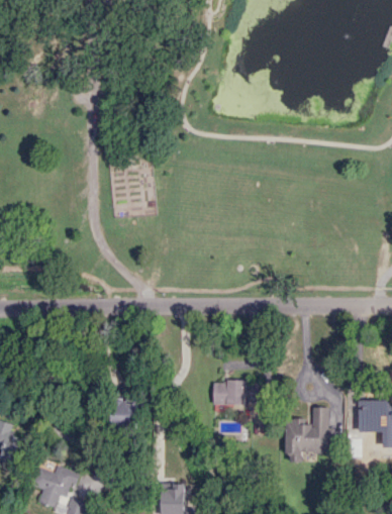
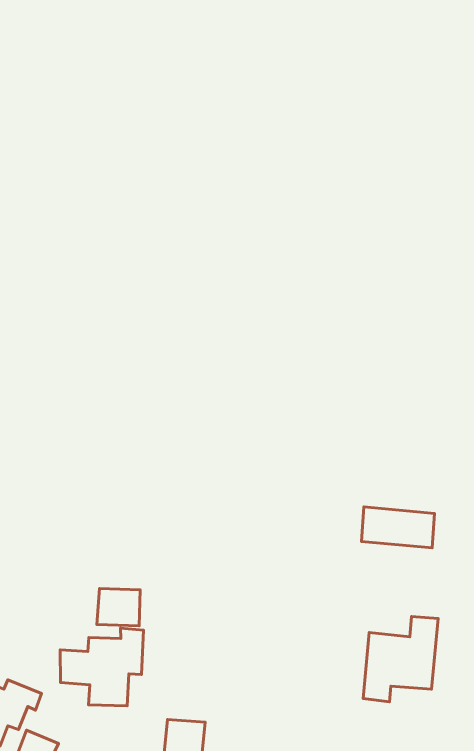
building: [212,382,258,405] -> [362,507,435,548]
building: none -> [60,628,144,706]

